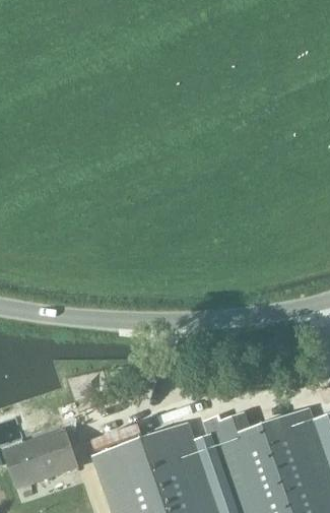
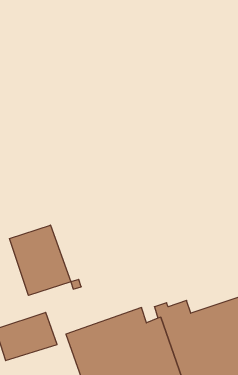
building: none -> [10,225,71,295]

